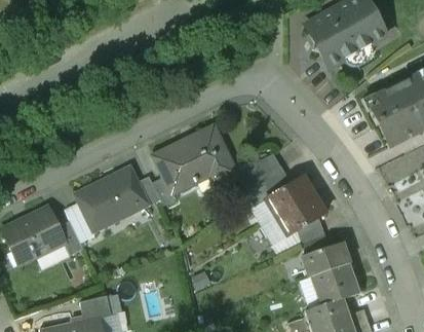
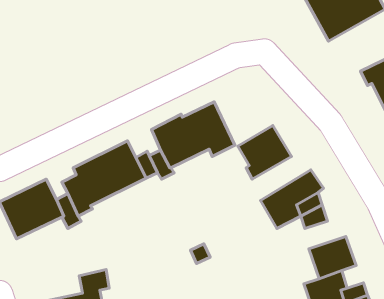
building: [250,177,312,227] -> none
building: [302,244,347,276] -> none

